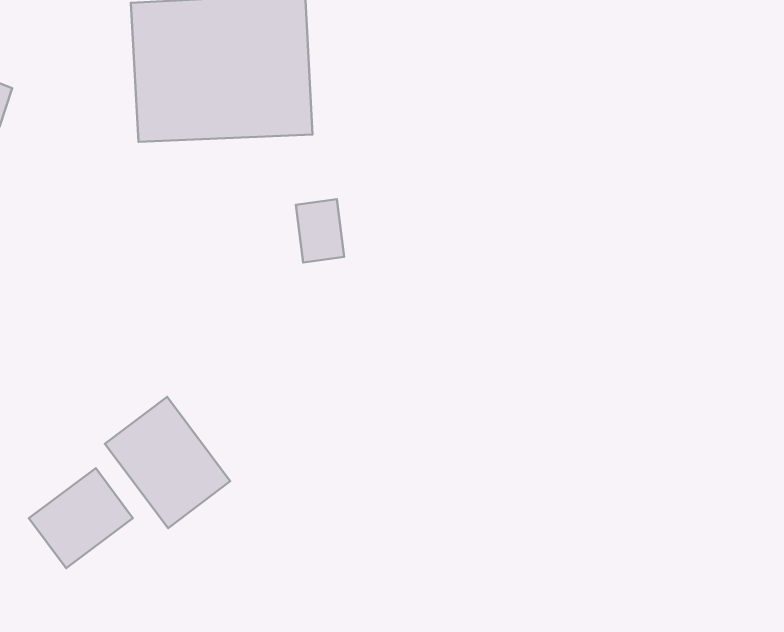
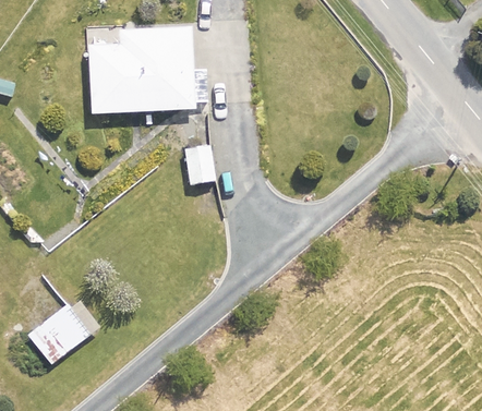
building: [105,397,230,528] -> none

